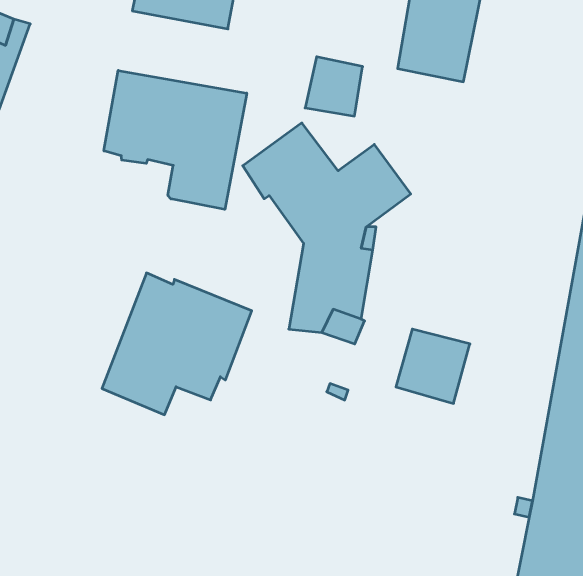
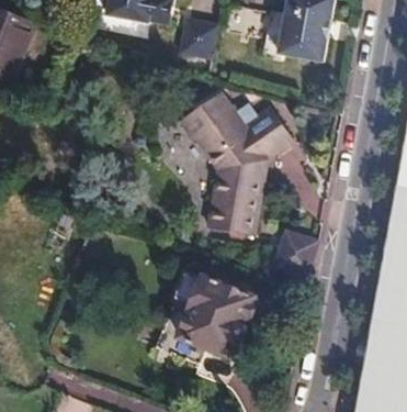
building: [305,57,363,116] -> [179,20,217,59]
building: [104,70,247,209] -> none
building: [102,273,252,415] -> [155,271,255,366]

